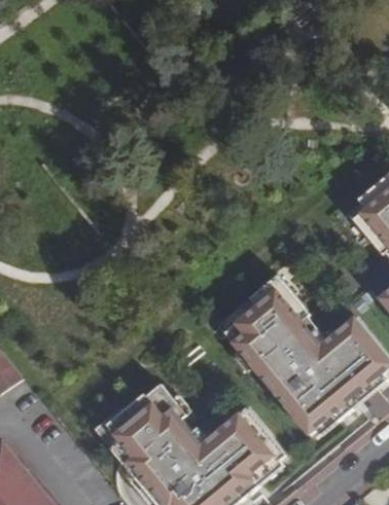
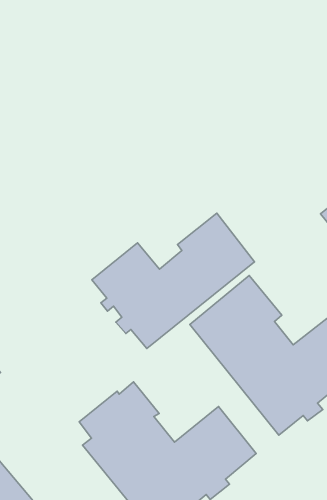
building: none -> [92,213,255,349]

